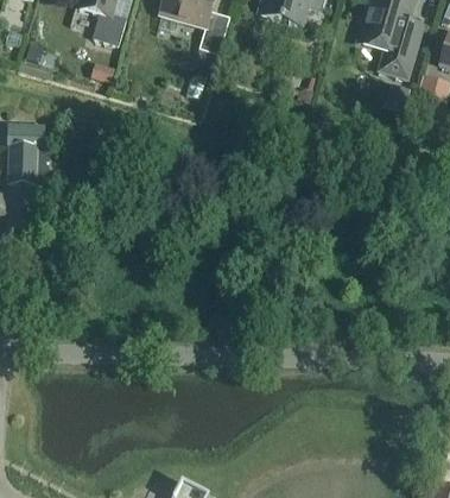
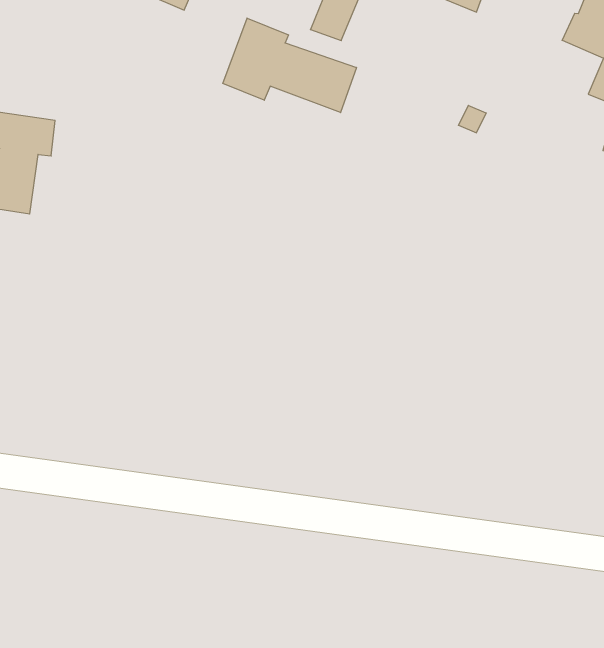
building: none -> [223,18,356,113]

